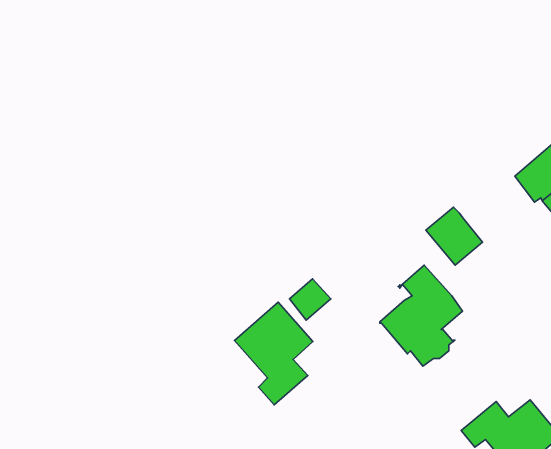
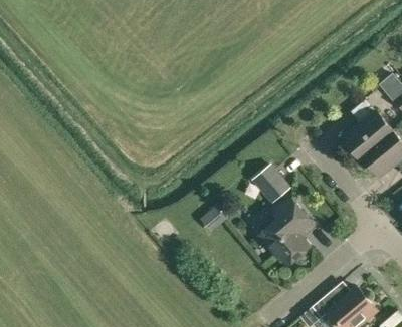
building: [426,207,483,265] -> [252,165,289,203]
building: [234,302,313,405] -> none

